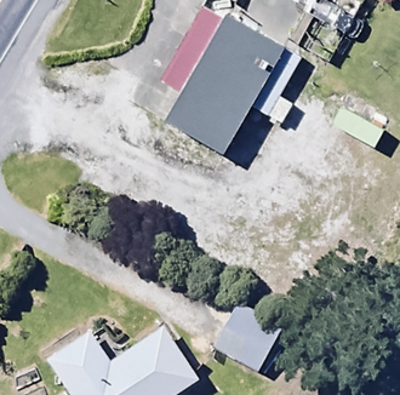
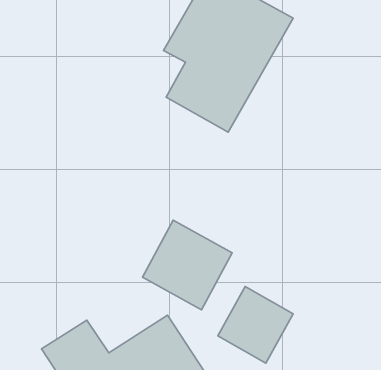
building: none -> [142,220,232,310]

